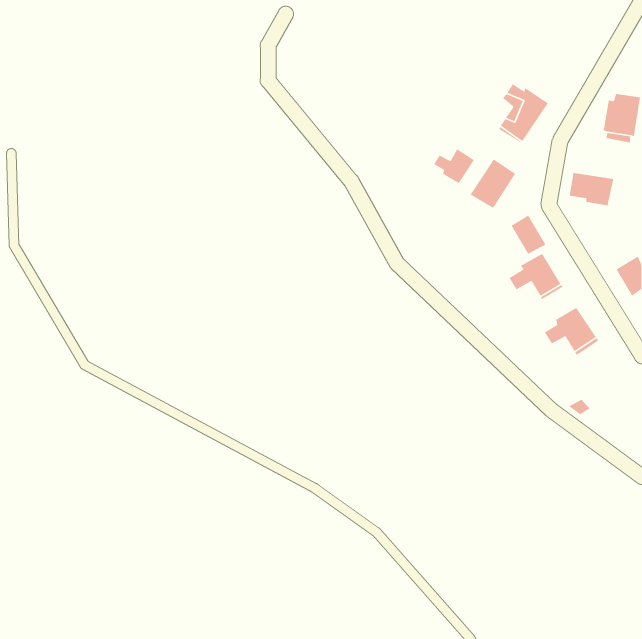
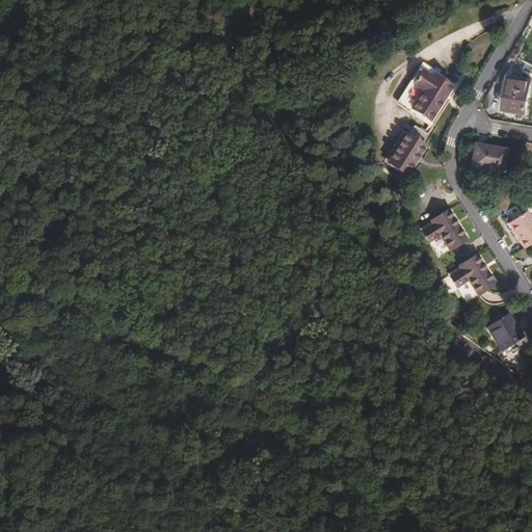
building: [433,148,475,184] -> none
building: [510,215,547,255] -> none
building: none -> [487,310,524,346]

